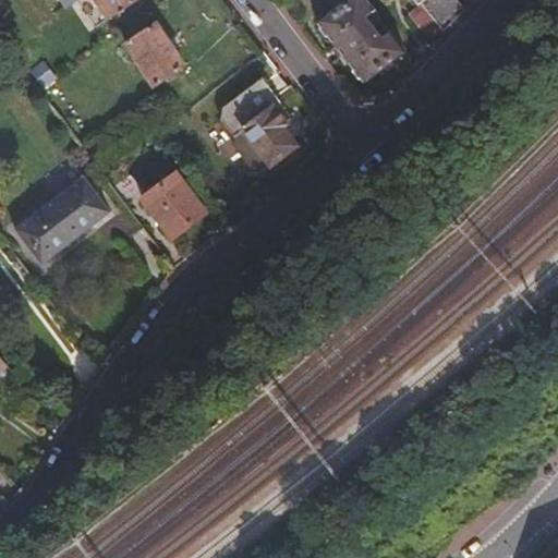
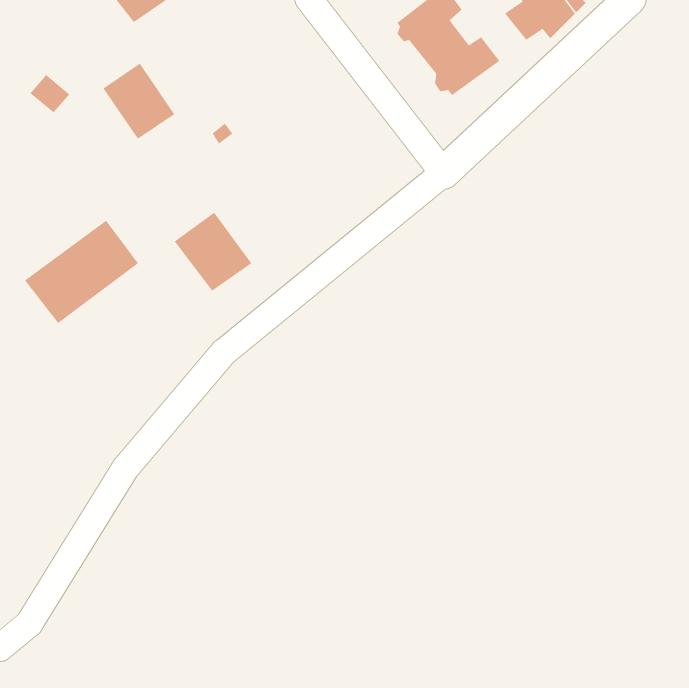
building: [125,24,184,86] -> [102,63,175,140]
building: [217,75,294,167] -> none

